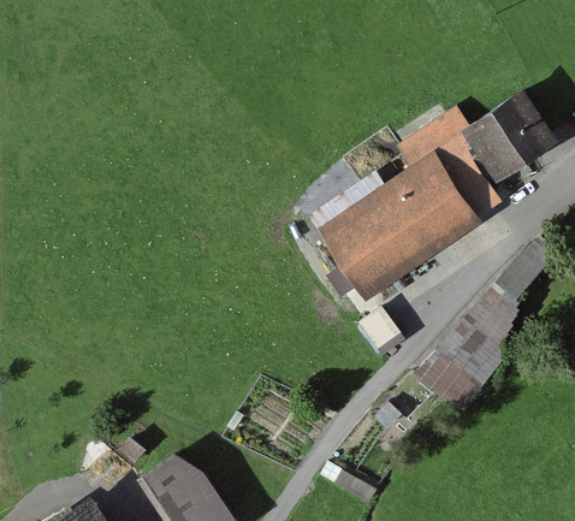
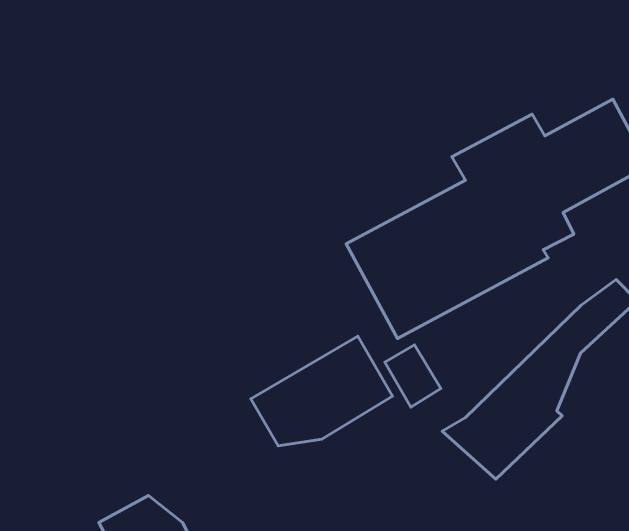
building: none -> [251,336,393,446]

